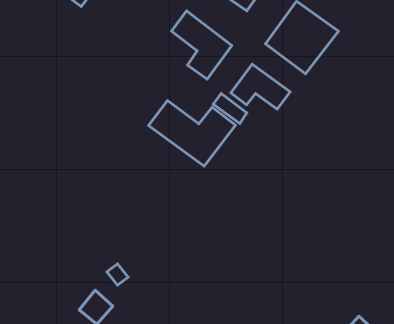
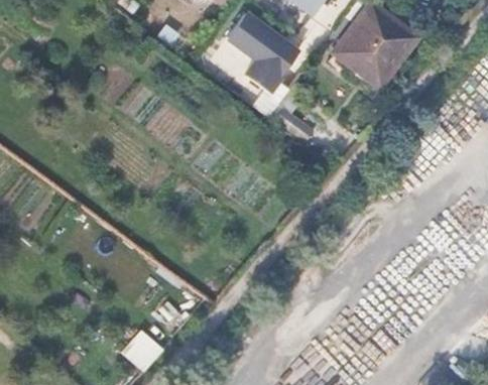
building: [231,64,290,109] -> none
building: [148,101,235,166] -> none

